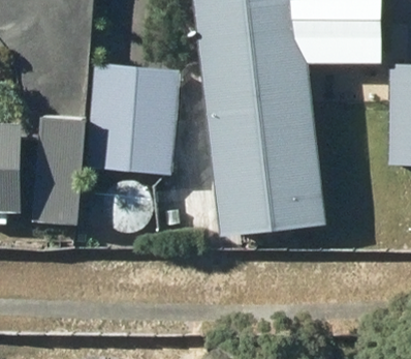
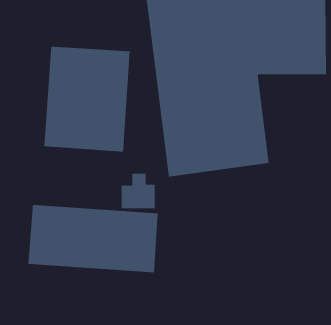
building: none -> [28,204,158,273]

